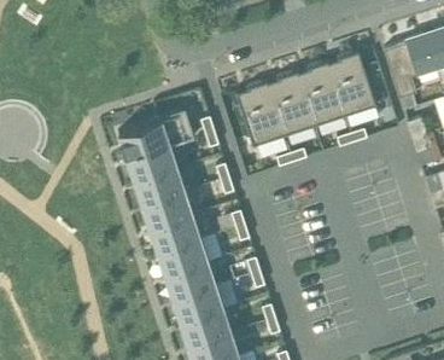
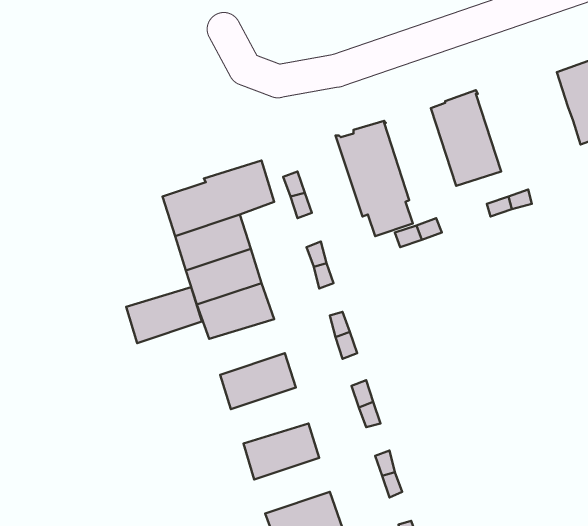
building: [328,52,378,127] -> none
building: [267,71,315,135] -> none
building: [150,215,200,252] -> [126,287,202,343]
building: [164,261,216,298] -> none
building: [180,308,230,346] -> none

